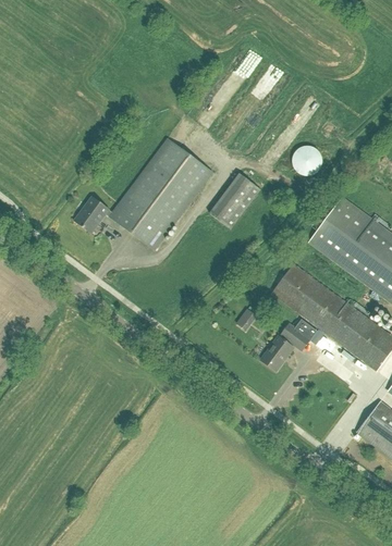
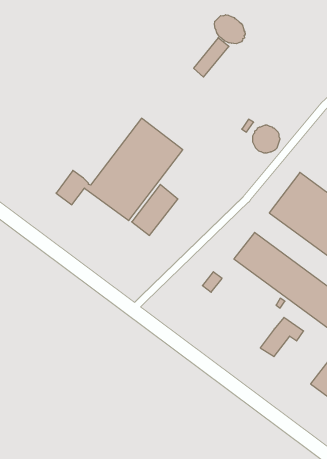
building: none -> [214,15,245,44]
building: [209,171,260,227] -> [132,184,178,235]
building: [261,325,309,369] -> [260,317,304,357]

